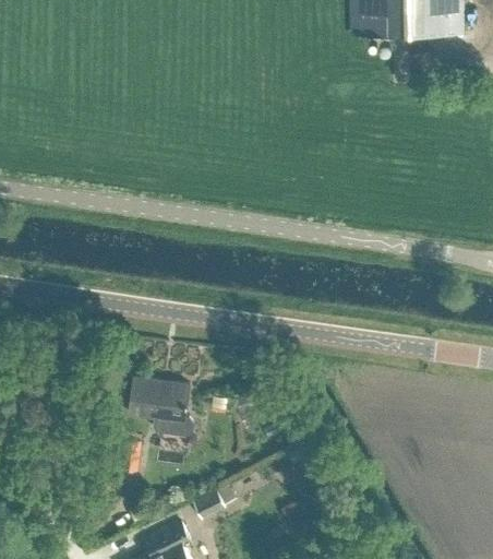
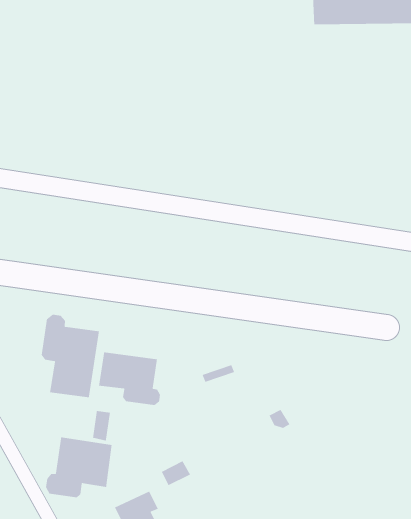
building: none -> [41,314,100,398]
building: none -> [45,437,113,498]

